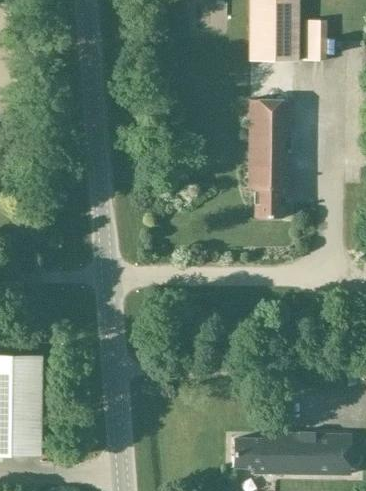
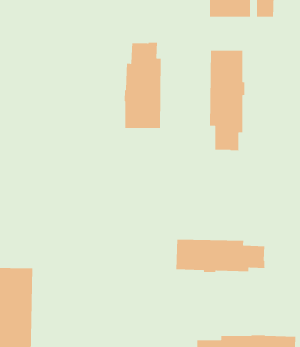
building: none -> [124,42,162,129]
building: none -> [175,239,266,273]

